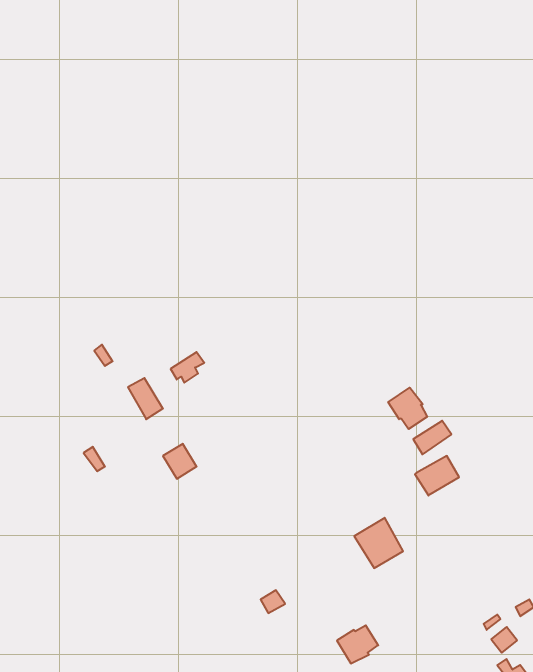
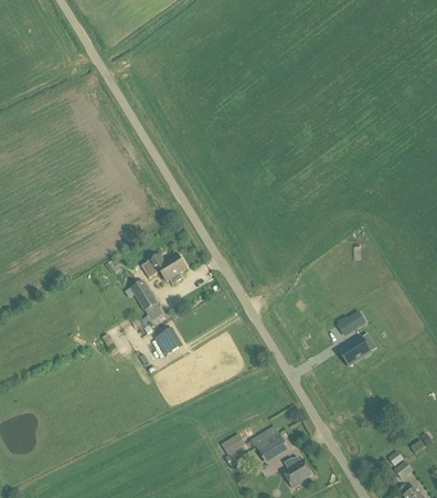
building: none -> [140,253,180,277]
building: [388,388,427,429] -> none
building: [354,518,403,568] -> [252,425,287,462]

